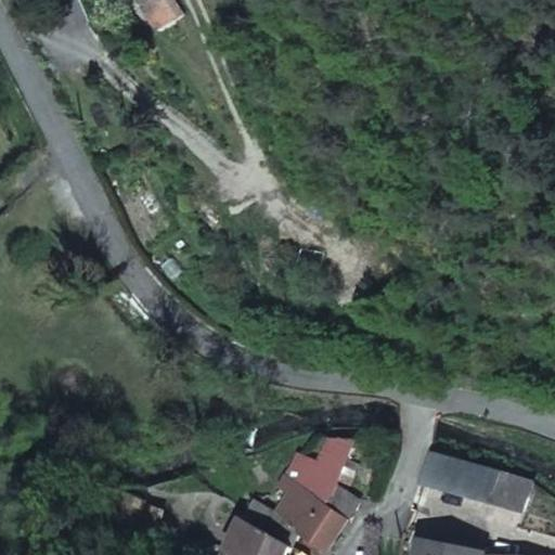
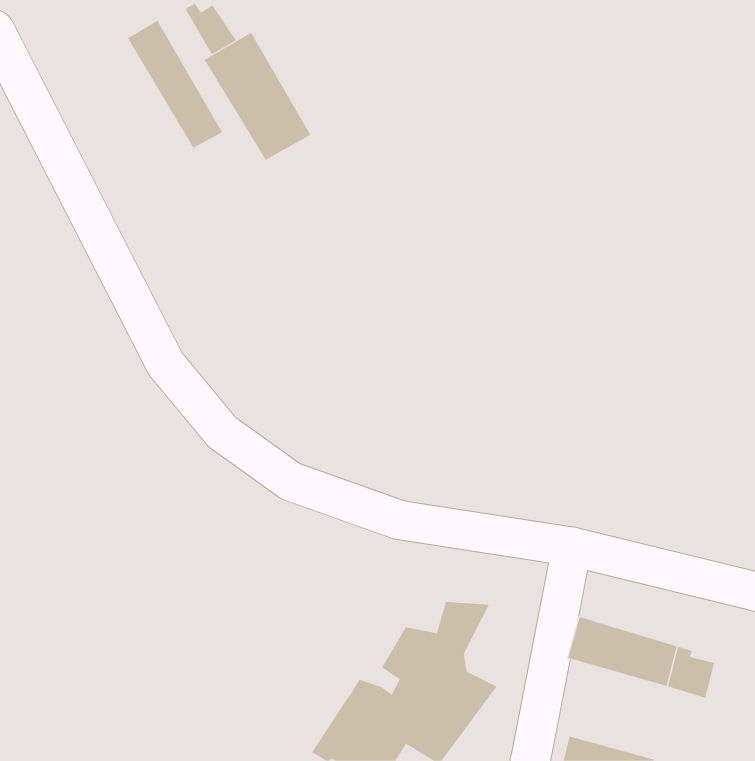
building: none -> [127,20,223,148]
building: none -> [204,32,311,161]

